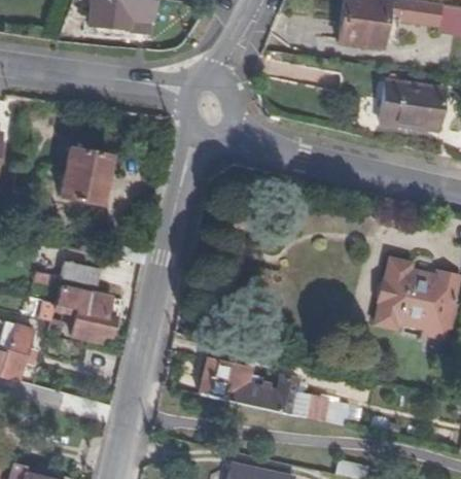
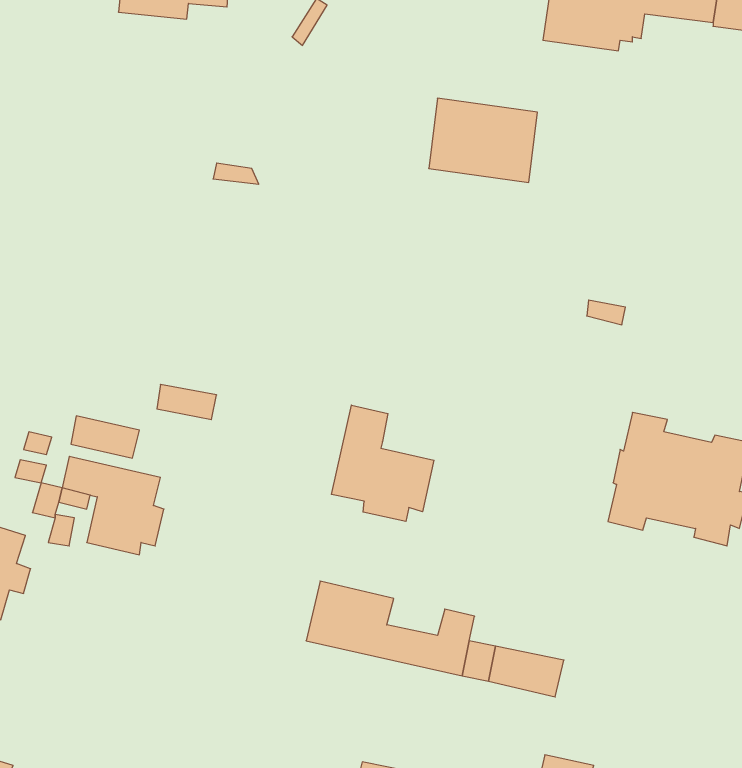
building: [381,80,445,130] -> [429,98,537,182]
building: [57,147,110,204] -> none
building: none -> [331,405,434,521]

